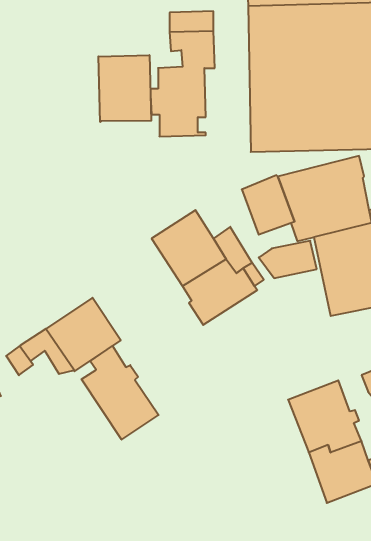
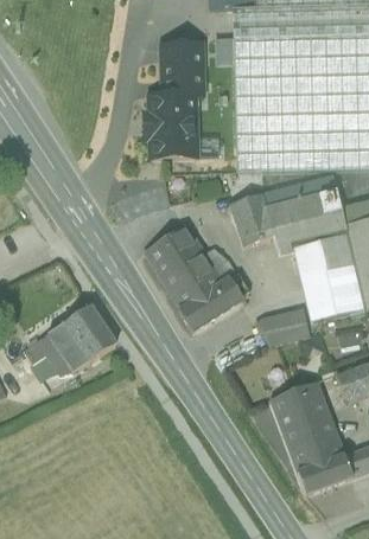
building: [98,55,151,122] -> none
building: [259,241,317,278] -> [255,309,308,344]
building: [82,346,159,440] -> none

